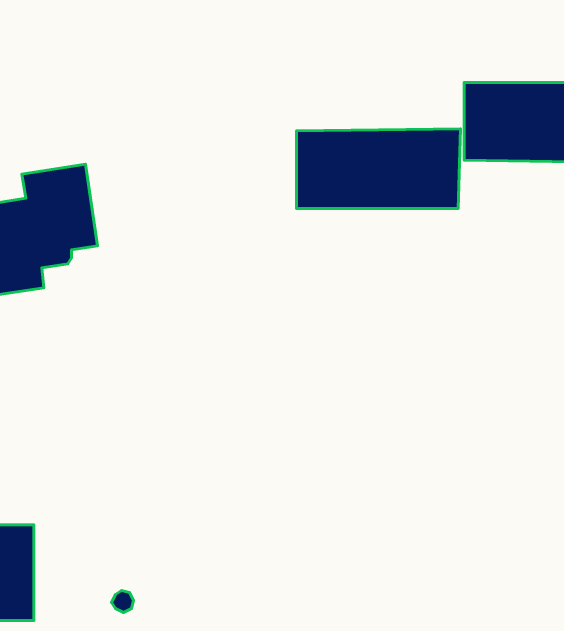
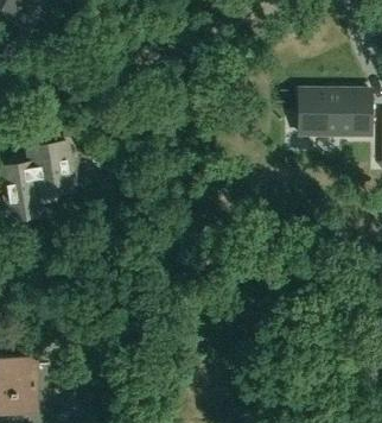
building: [297,129,461,209] -> none

